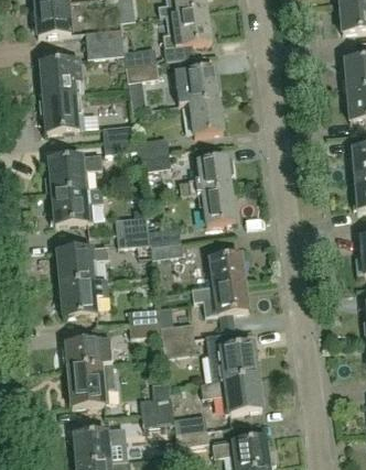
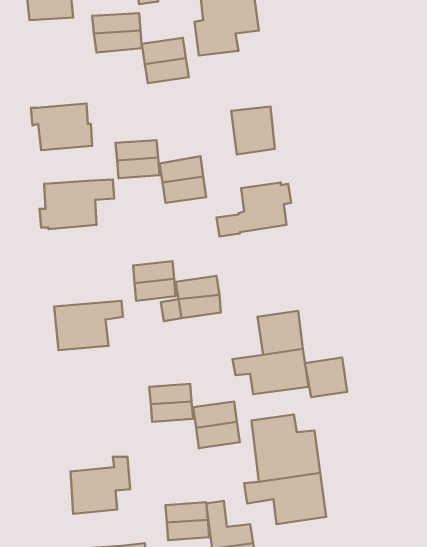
building: [40,57,83,99] -> none
building: [173,65,219,103] -> none
building: [49,186,104,222] -> none
building: [196,187,236,225] -> none
building: [60,278,106,315] -> none
building: none -> [305,358,347,397]
building: [62,338,111,373] -> none

